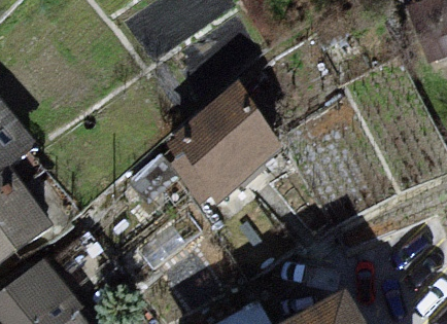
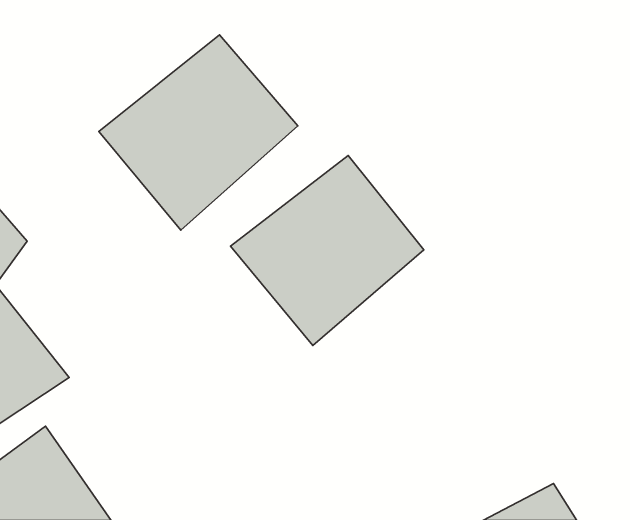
building: none -> [99,35,298,230]

